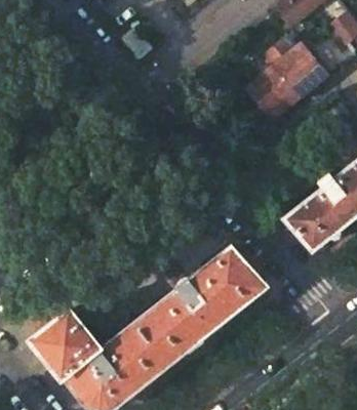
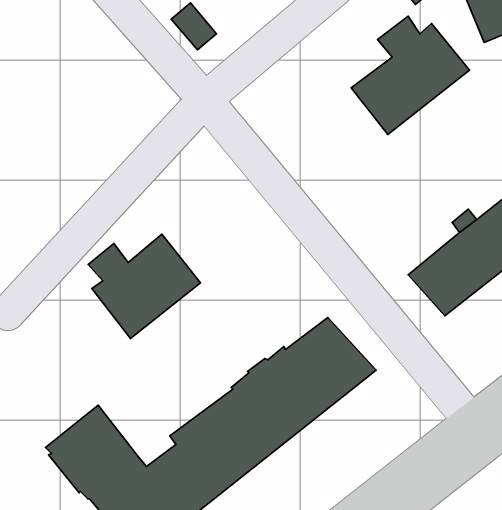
building: none -> [88,234,201,338]

